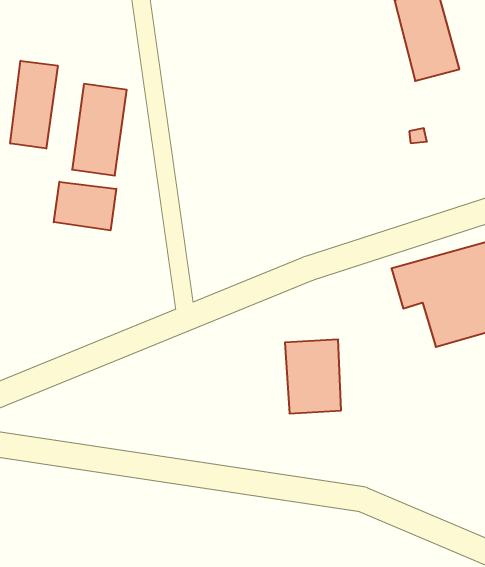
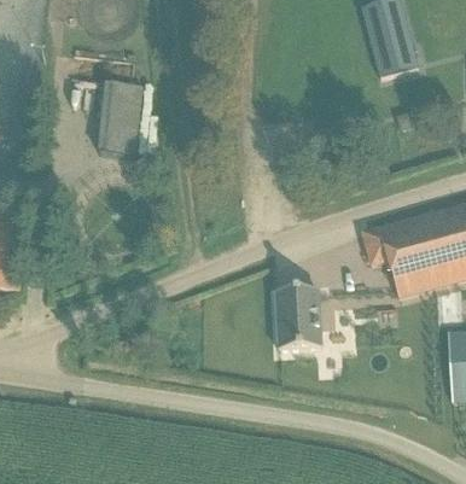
building: [10,61,58,149] -> none
building: [54,182,116,230] -> none

